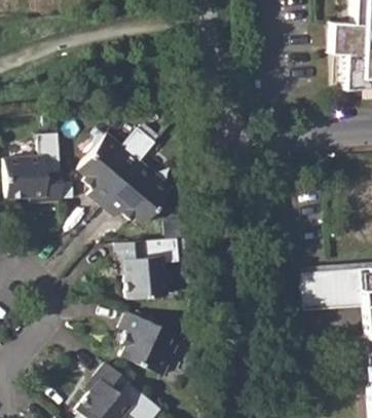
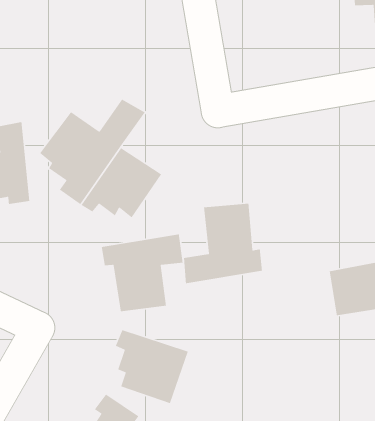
building: none -> [183,203,263,284]

